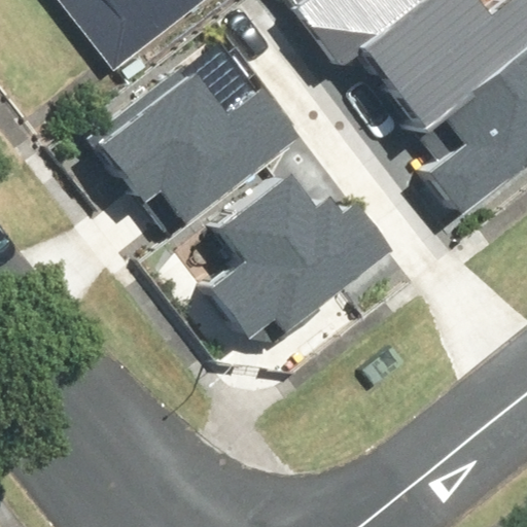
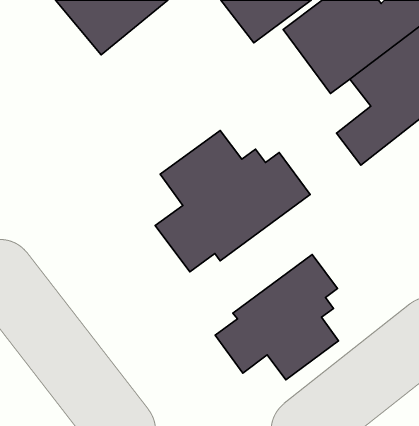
building: [99,72,297,227] -> none
building: none -> [215,254,338,380]

